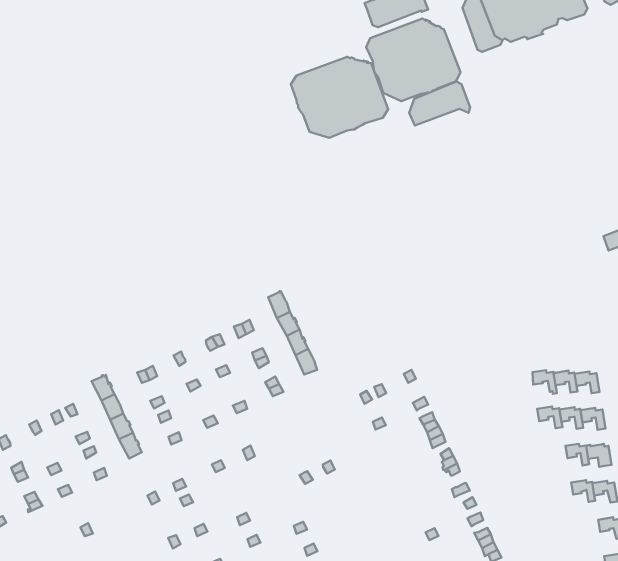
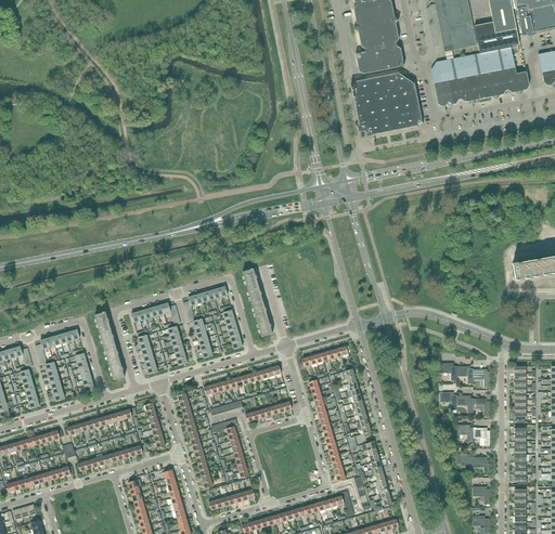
building: [291,57,388,138] -> none
building: [409,81,470,126] -> none

